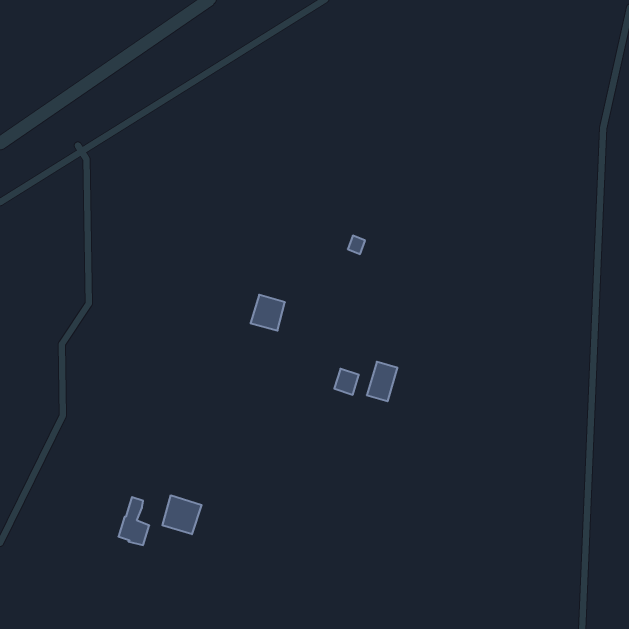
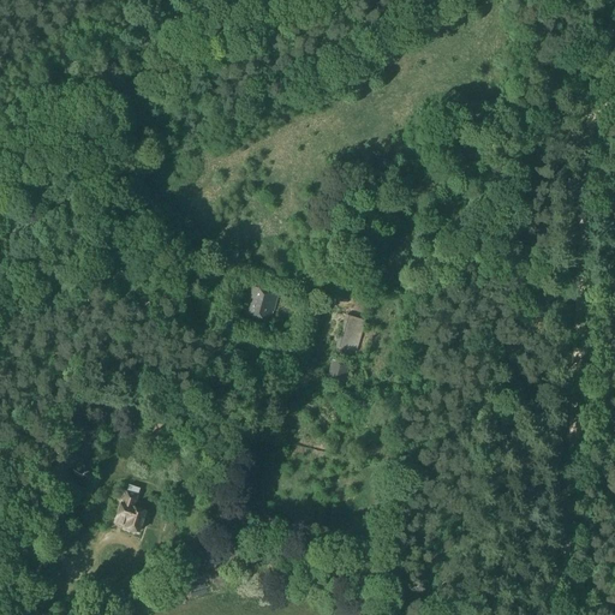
building: [367,362,398,401] -> [336,315,366,353]
building: [162,495,202,534] -> none

